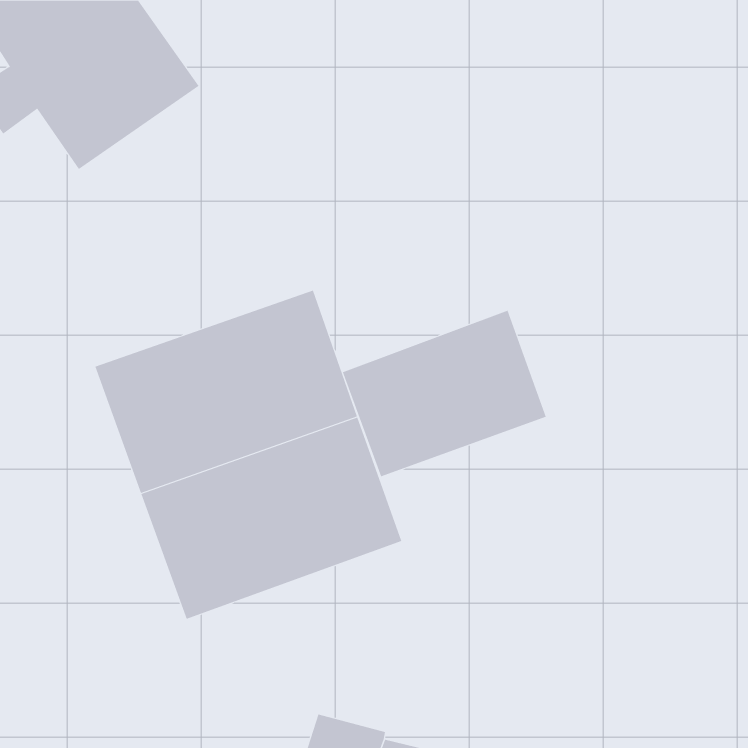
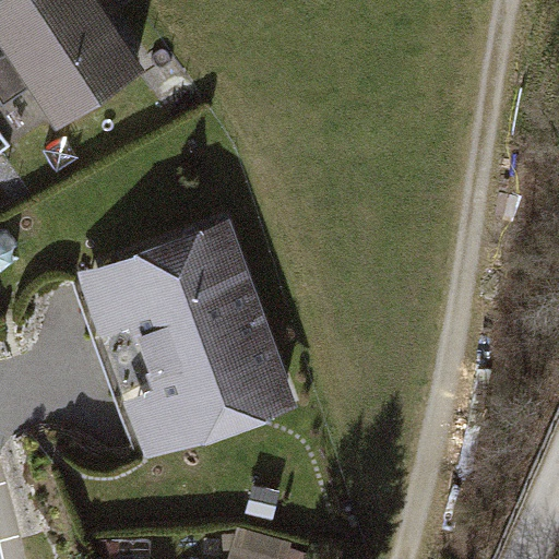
building: [342,310,546,477] -> none

